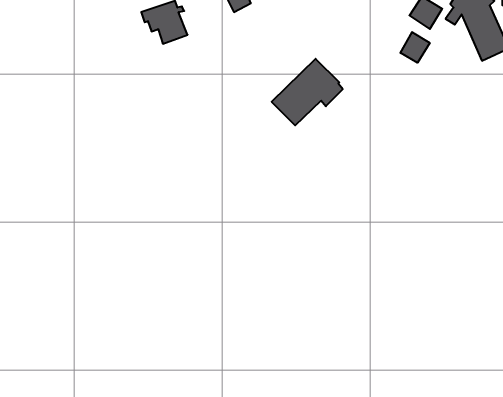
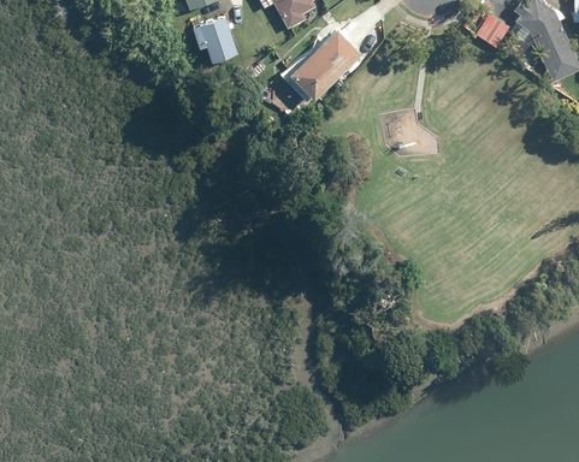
building: [400,32,430,63] -> none
building: [272,59,343,125] -> [289,29,365,100]

